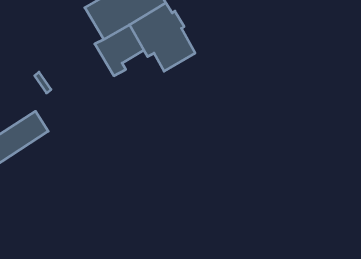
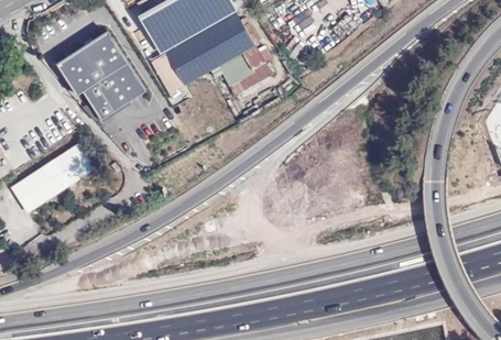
building: none -> [55,25,148,116]

